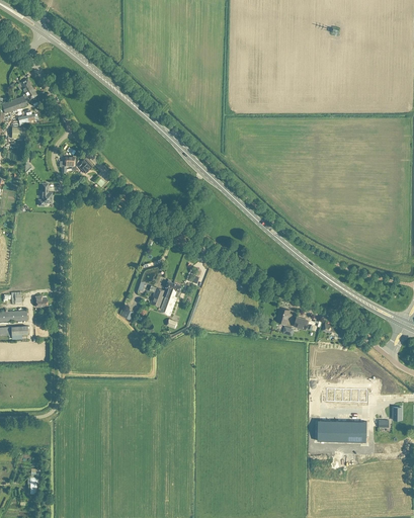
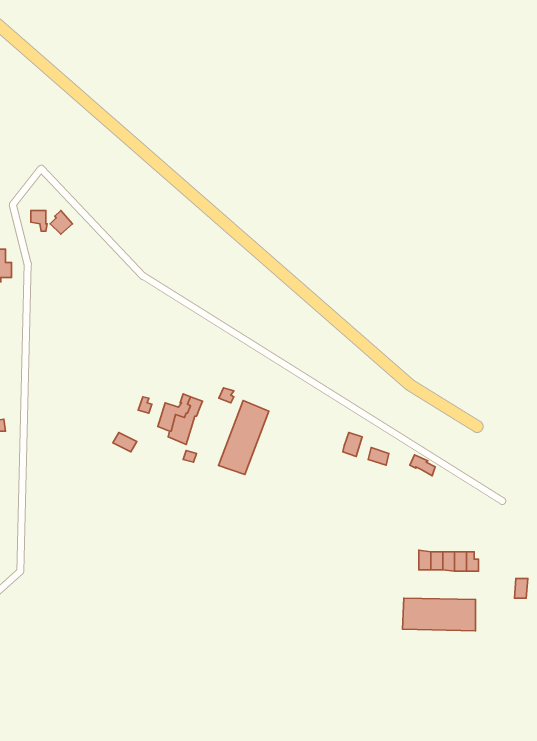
building: none -> [218,401,269,475]

